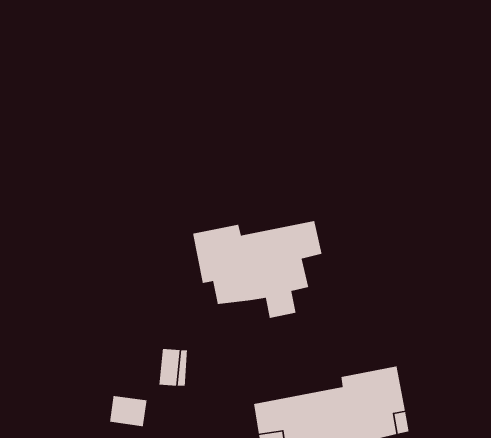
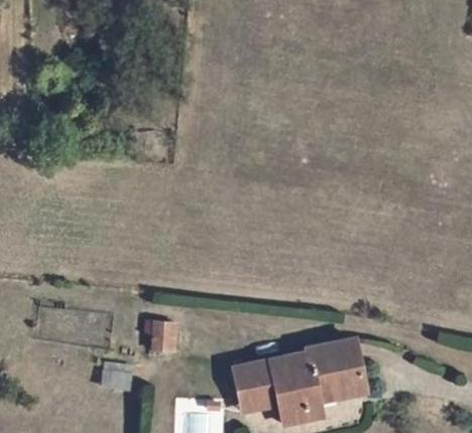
building: [192,220,323,319] -> none

